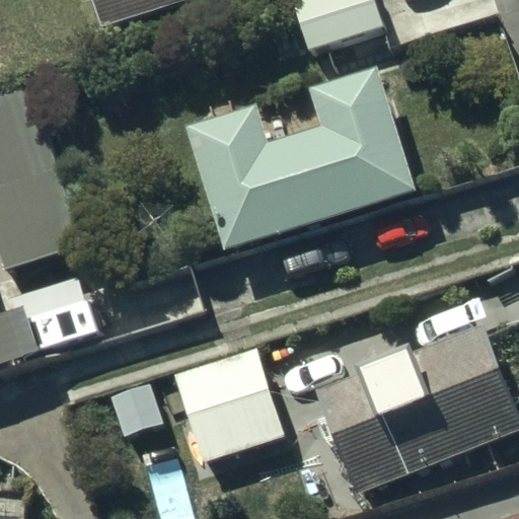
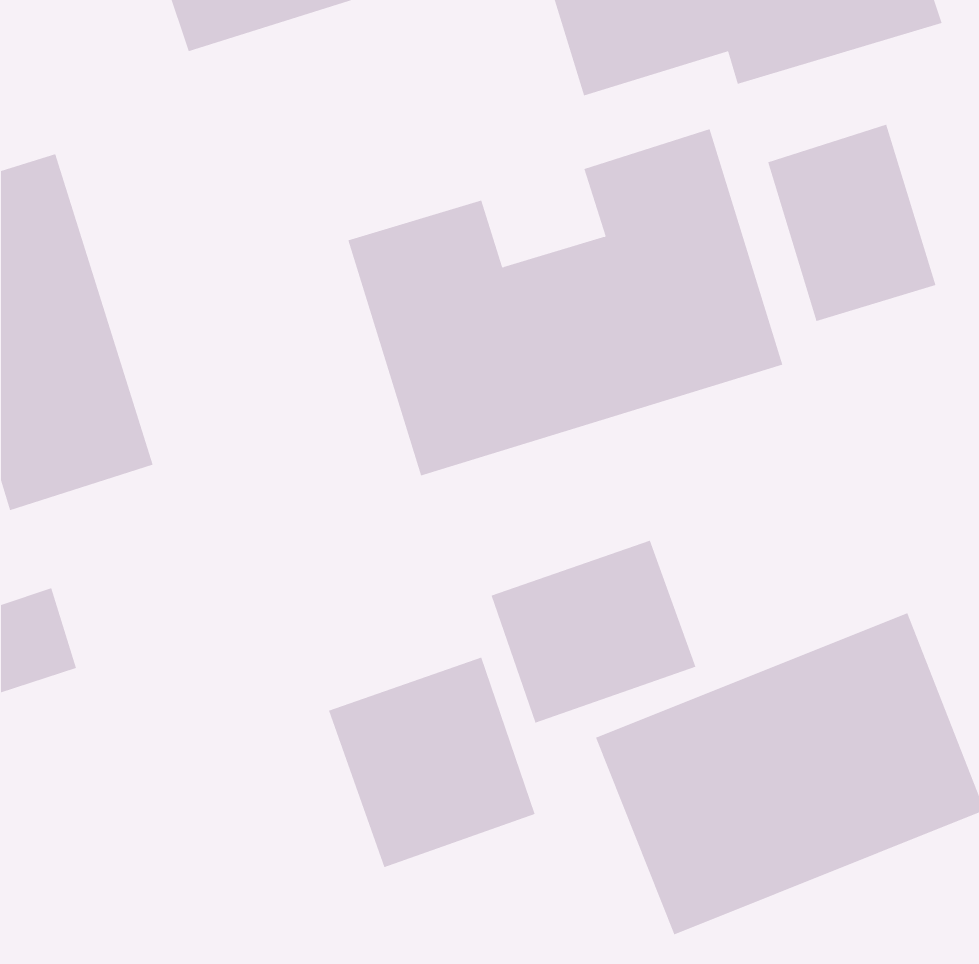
building: none -> [767,124,936,322]
building: none -> [491,540,696,723]

